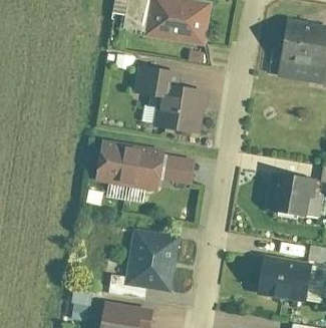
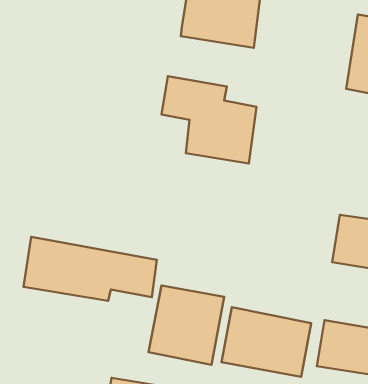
building: [93,140,198,191] -> [23,237,157,301]
building: none -> [221,307,311,377]

